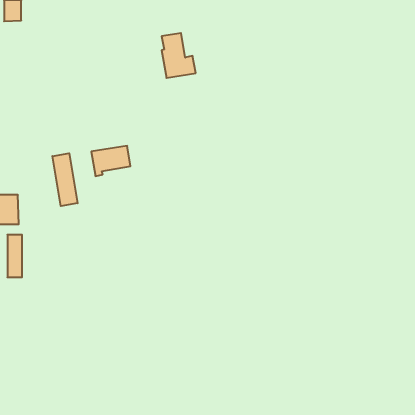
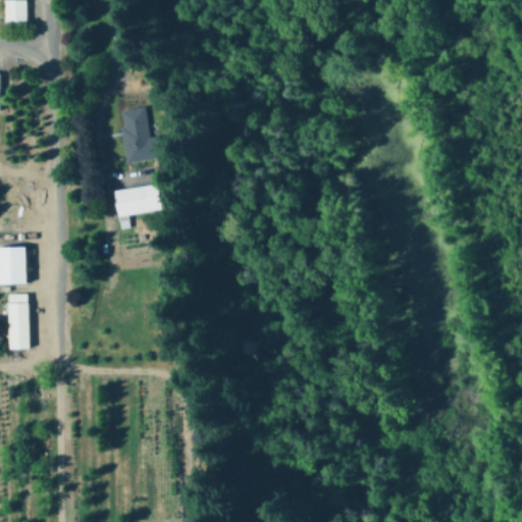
building: [162,33,196,78] -> [121,108,164,164]
building: [52,153,78,206] -> none

